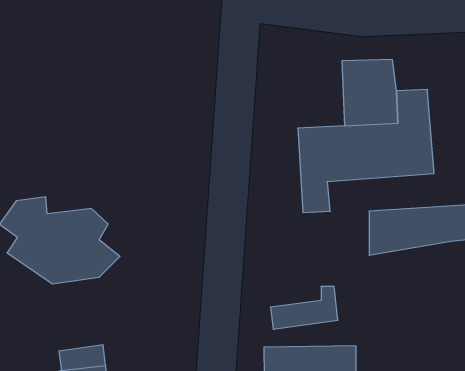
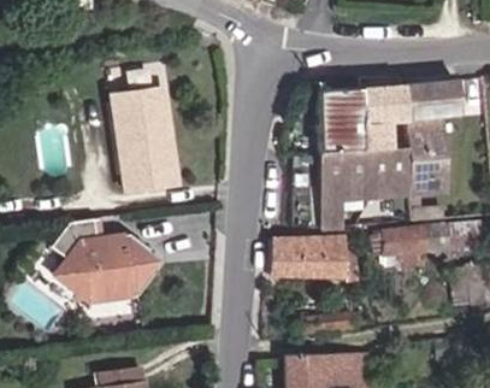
building: none -> [408,84,468,118]
building: none -> [107,88,171,189]
building: none -> [319,89,364,152]
building: none -> [273,236,349,277]

